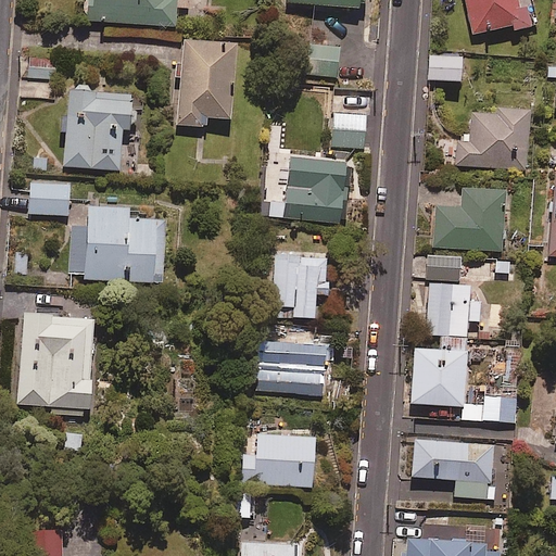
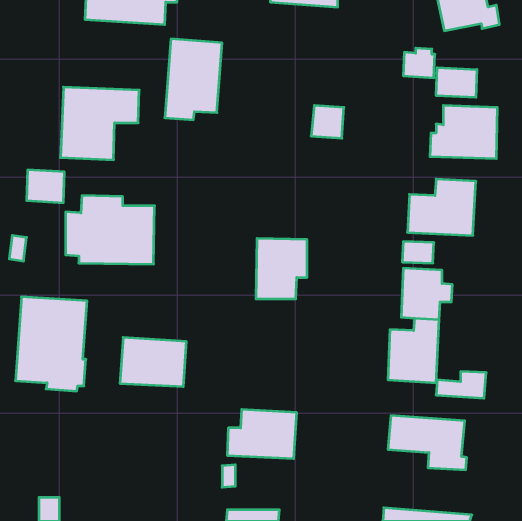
building: none -> [436,68,477,97]
building: [270,159,345,223] -> none
building: [254,342,325,394] -> [120,337,186,387]

